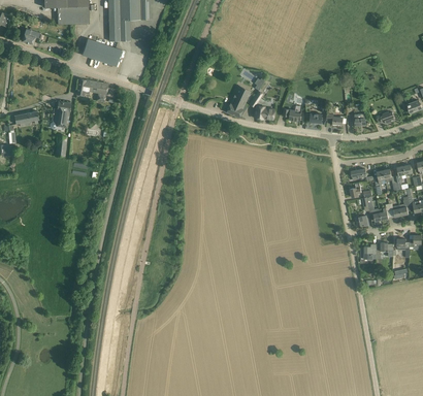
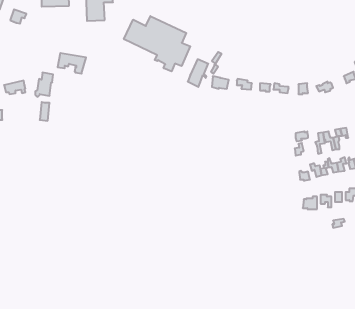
building: none -> [124,16,190,71]
building: [83,37,122,65] -> none

